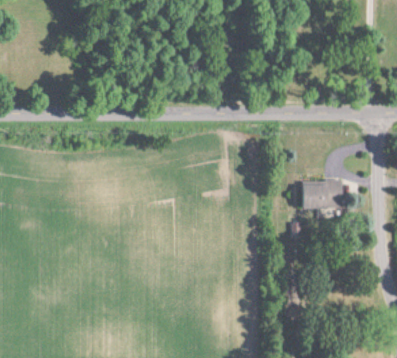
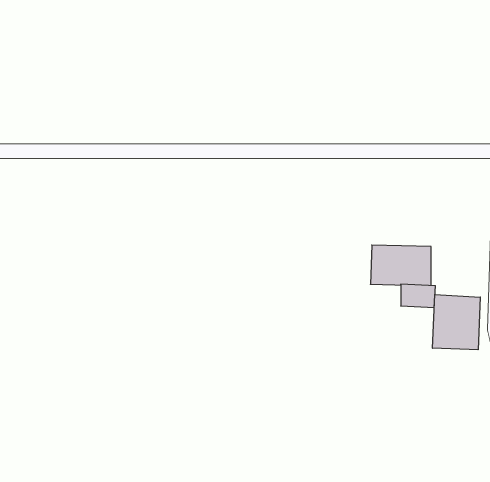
building: none -> [433,294,480,350]

